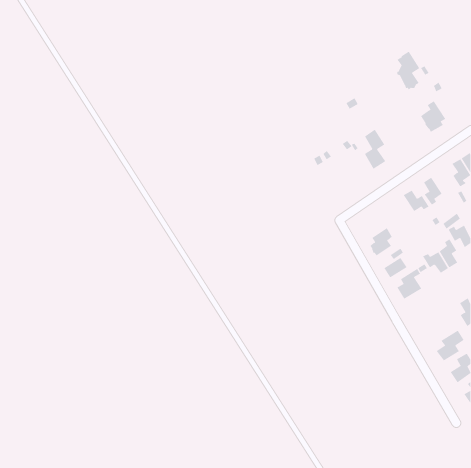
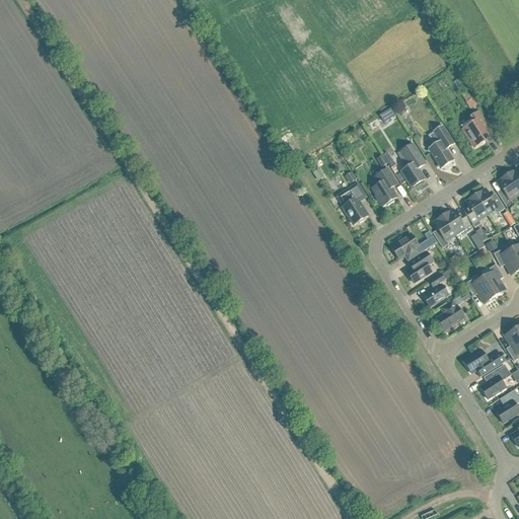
building: [396,51,420,90] -> [428,124,454,167]
building: none -> [372,167,397,205]
building: none -> [338,182,367,223]
building: none -> [474,188,505,213]
building: none -> [433,215,455,246]
building: none -> [390,232,429,258]
building: none -> [463,349,505,372]

